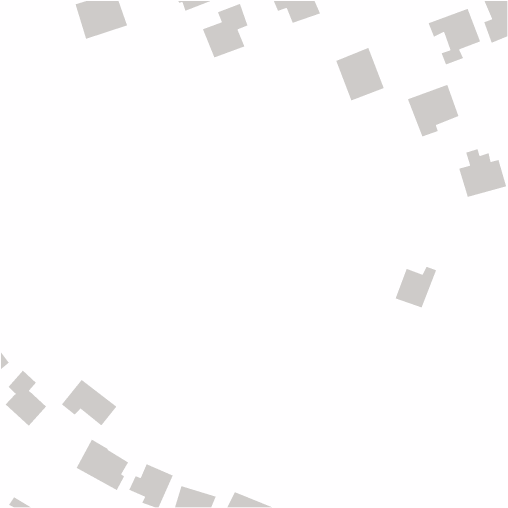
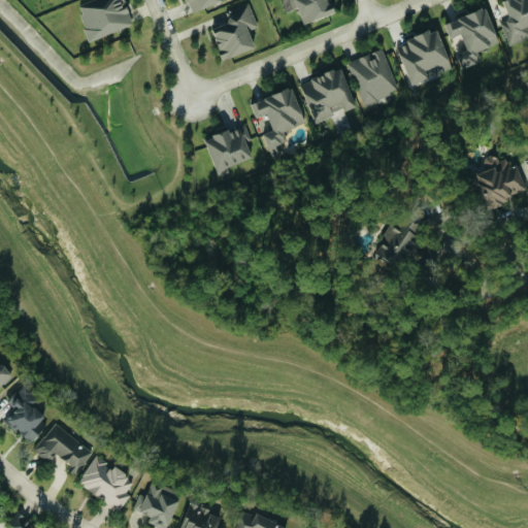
building: none -> [299,68,356,124]
building: [407,84,460,138] -> [395,30,450,86]
building: none -> [250,88,305,158]
building: none -> [204,125,253,173]
building: [394,266,437,309] -> [375,223,420,267]
building: [61,379,117,426] -> [34,423,93,472]

